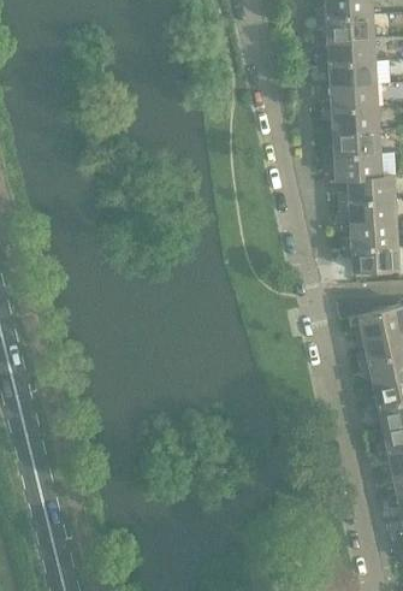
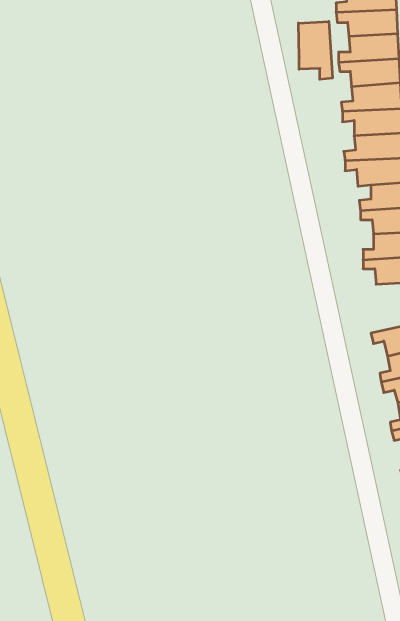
building: none -> [298,21,332,79]

